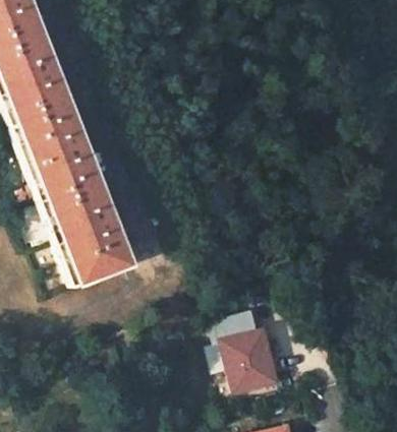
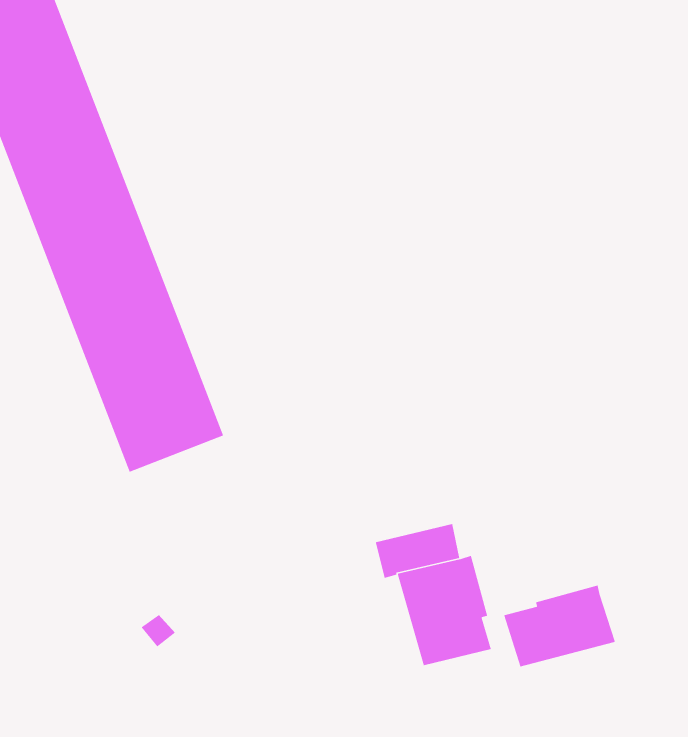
building: none -> [503,585,616,668]

